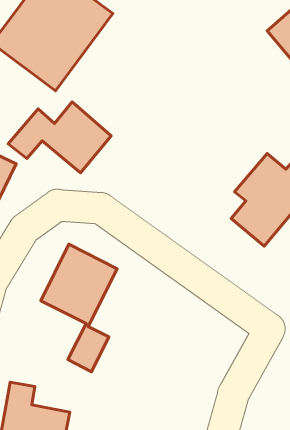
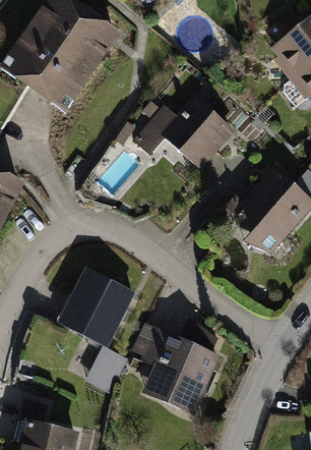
building: [8,102,111,173] -> [132,99,234,169]
building: none -> [121,317,217,409]

